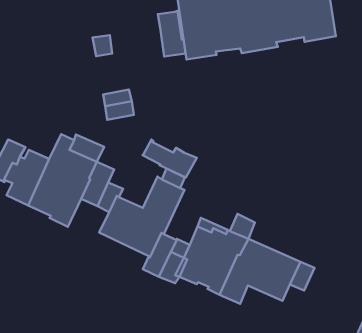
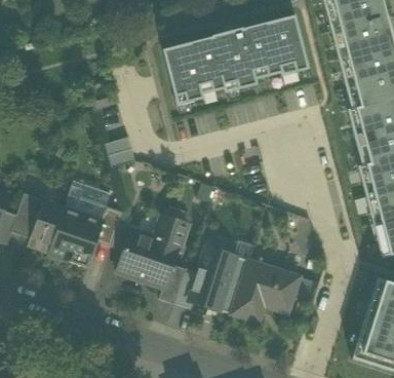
building: [158,11,185,56] -> none
building: [143,139,197,178] -> none

